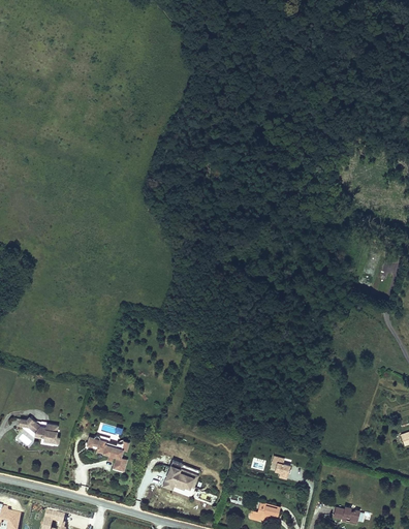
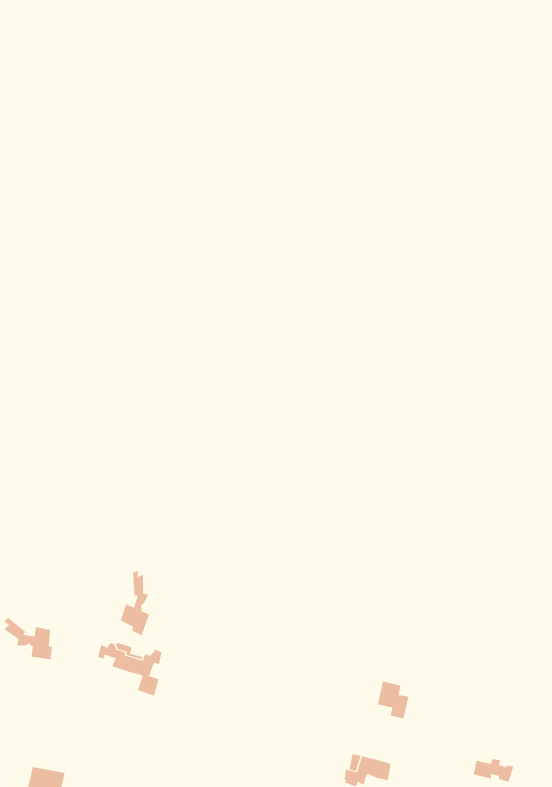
building: none -> [120,570,150,636]
building: [161,461,199,492] -> none

